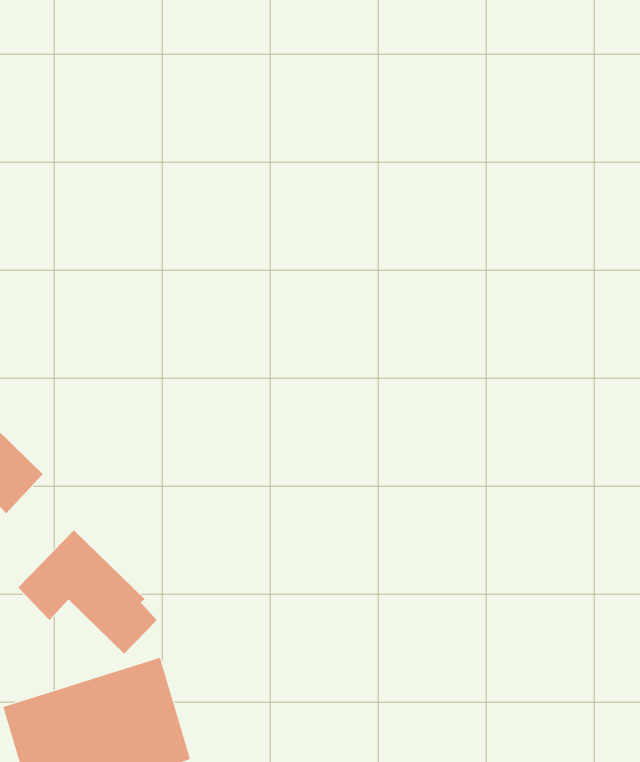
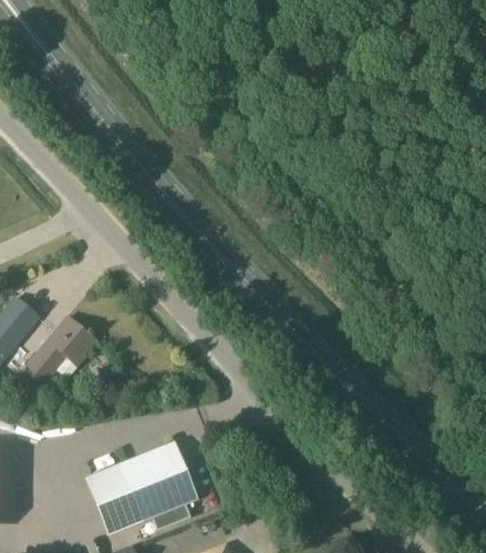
building: [17,530,158,655] -> none

